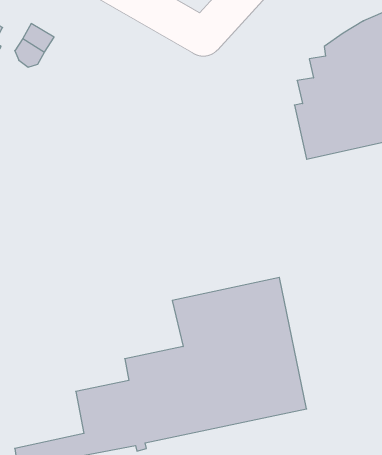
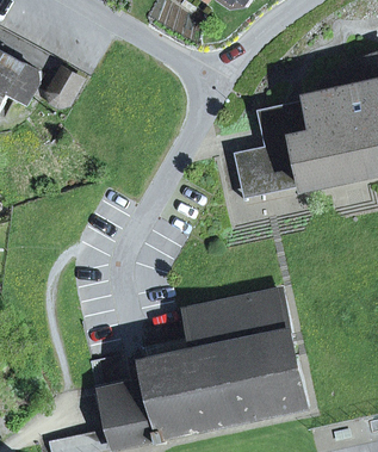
building: none -> [233,98,309,199]

